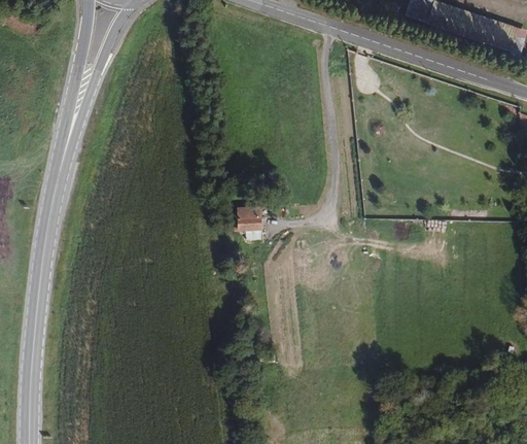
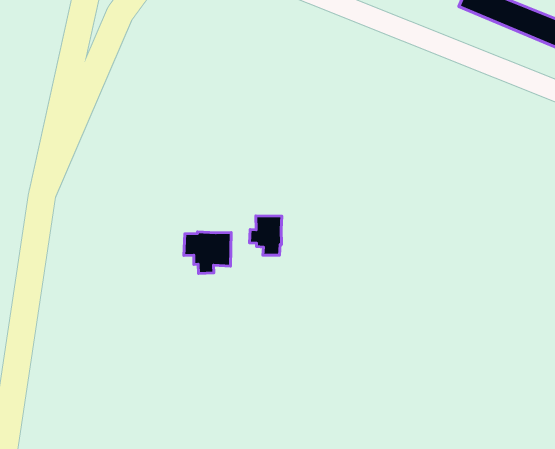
building: none -> [184,232,231,273]

